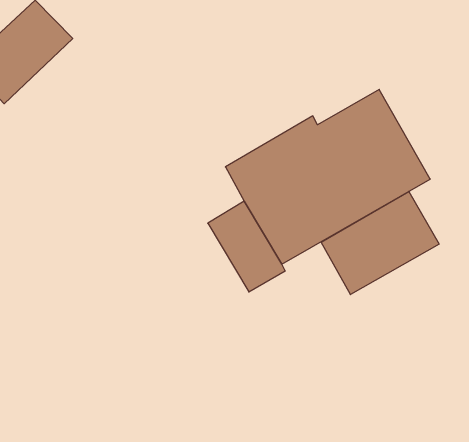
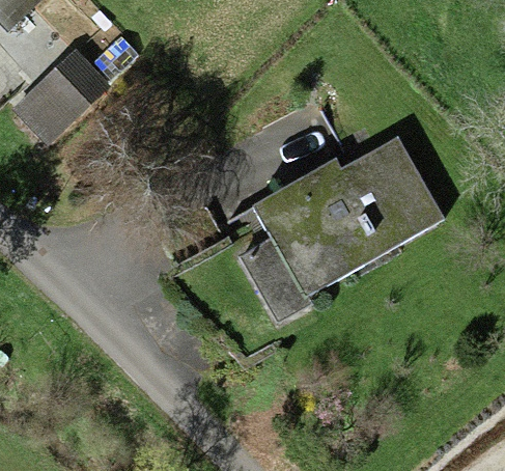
building: [321,191,439,295] -> none

